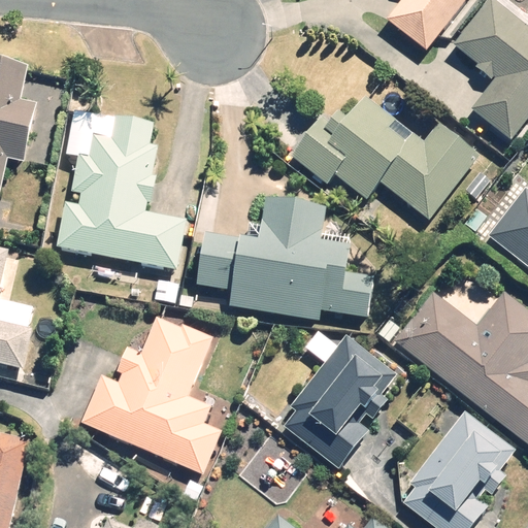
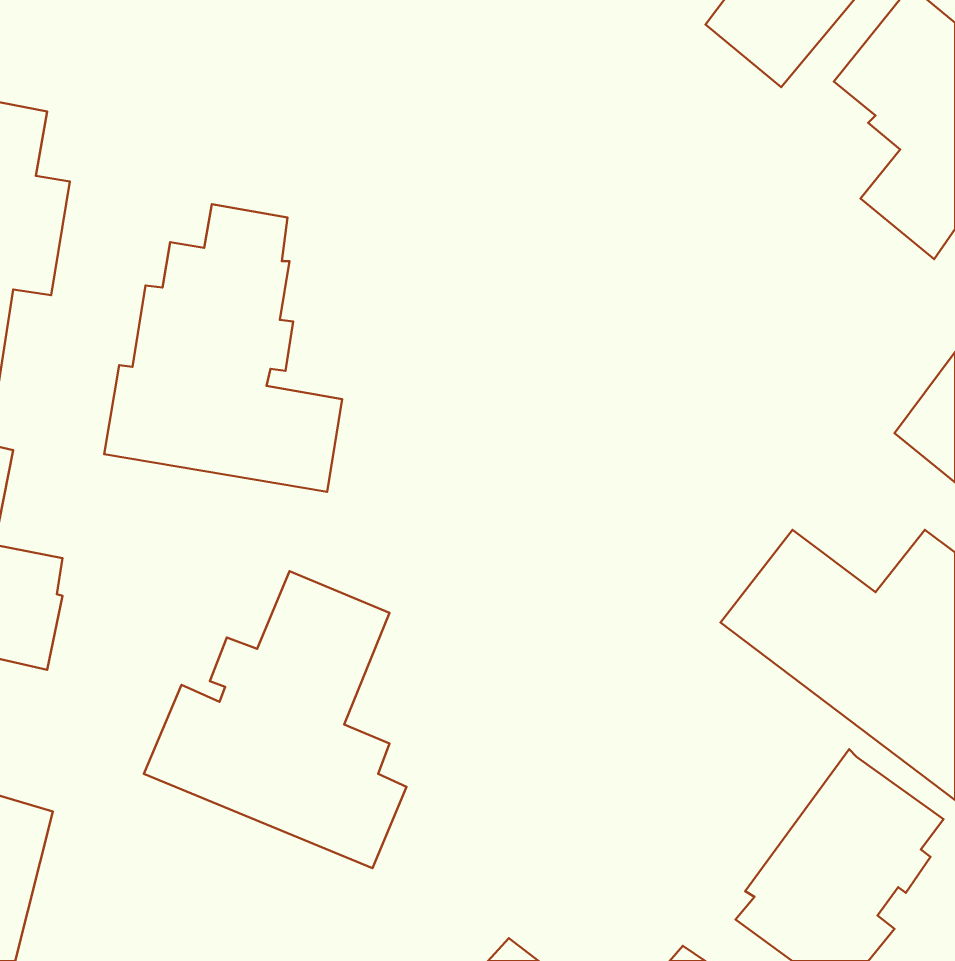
building: [293,94,484,224] -> none
building: [199,196,373,321] -> none
building: [271,331,399,469] -> none

